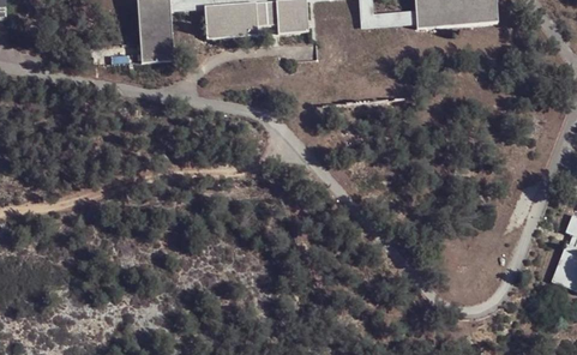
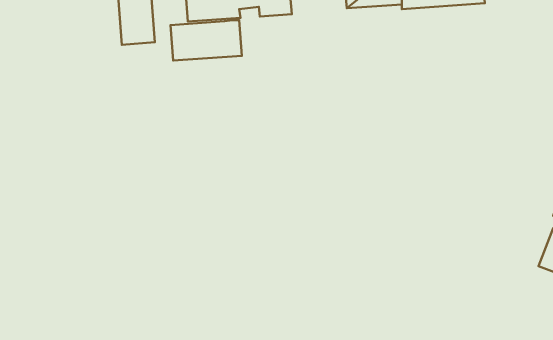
building: none -> [171,20,242,61]

